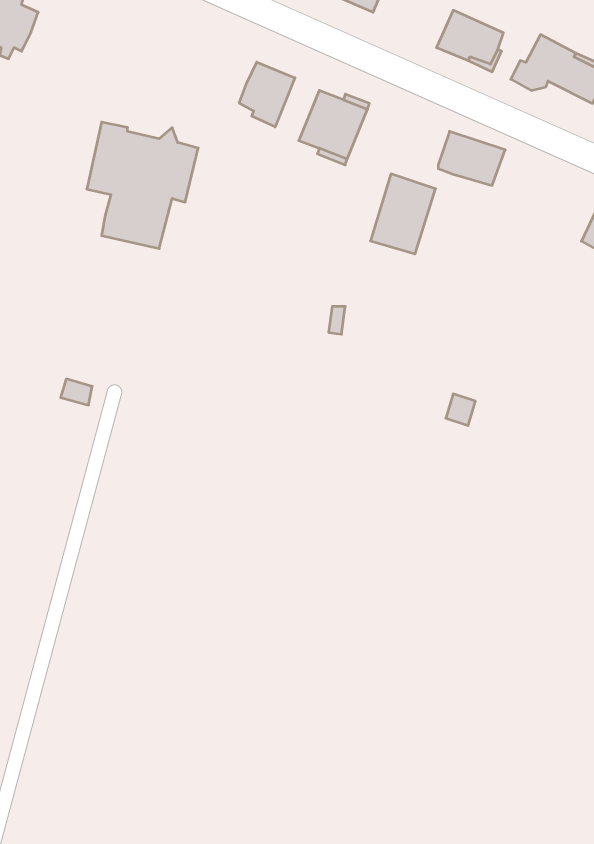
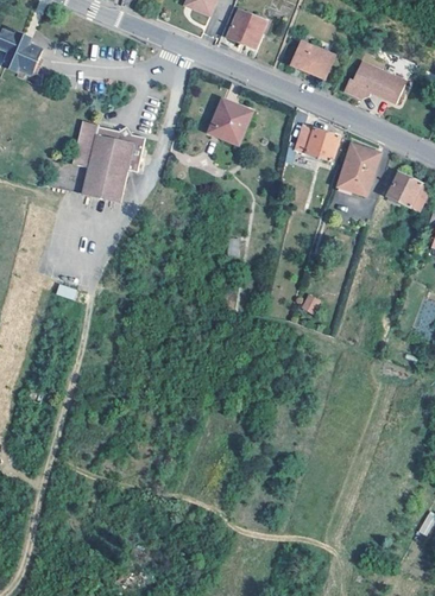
building: [239,62,295,127] -> none
building: [370,174,436,254] -> [339,144,380,195]

